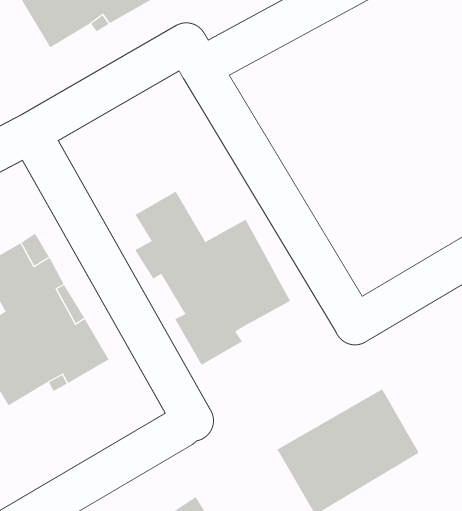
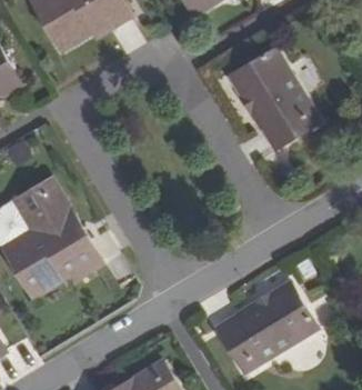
building: none -> [230,50,318,148]
building: [135,191,291,366] -> none

